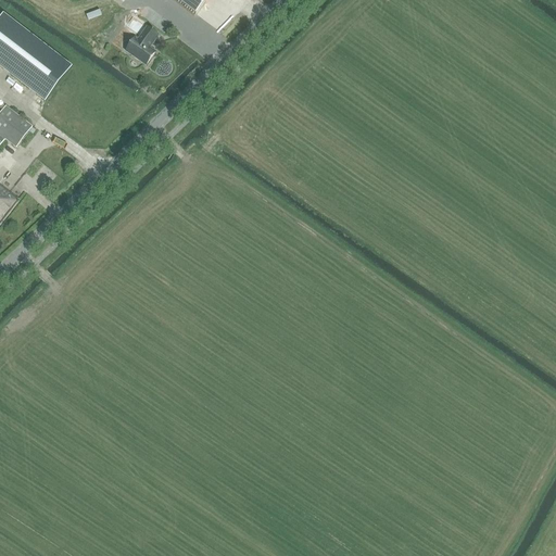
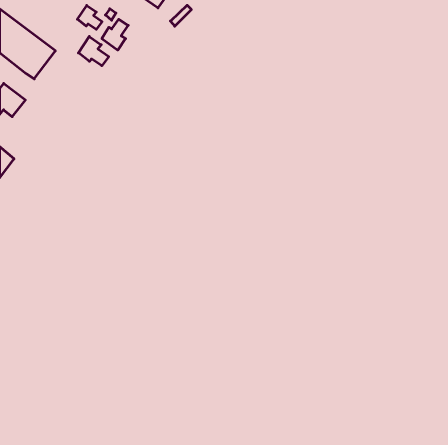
building: none -> [77,5,102,29]
building: none -> [78,36,109,66]

